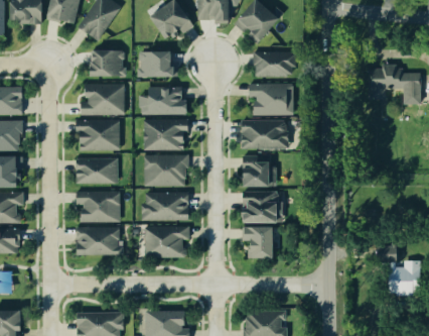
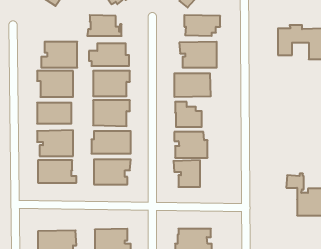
building: [91,50,126,76] -> none

